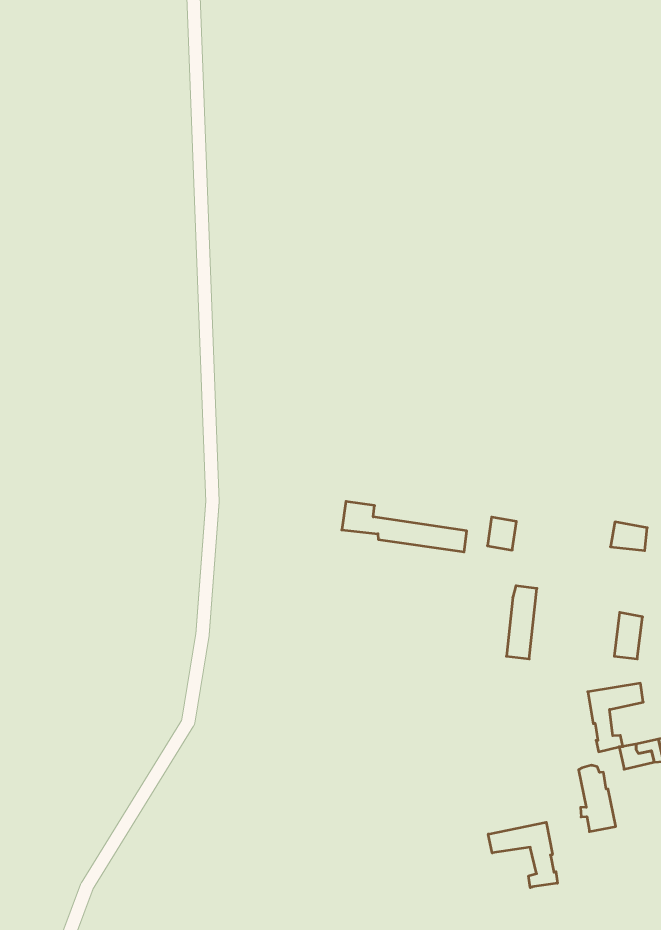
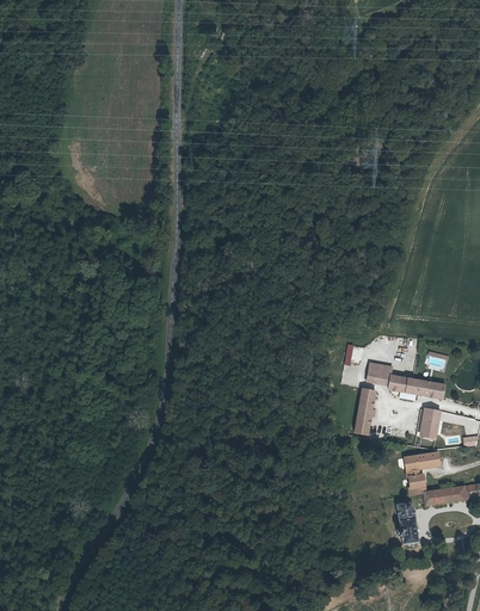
building: [342,501,467,552] -> [368,362,447,397]
building: [488,822,557,888] -> none

